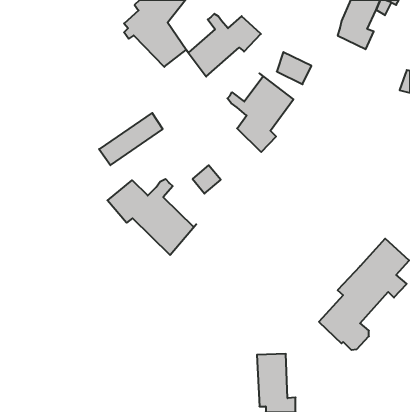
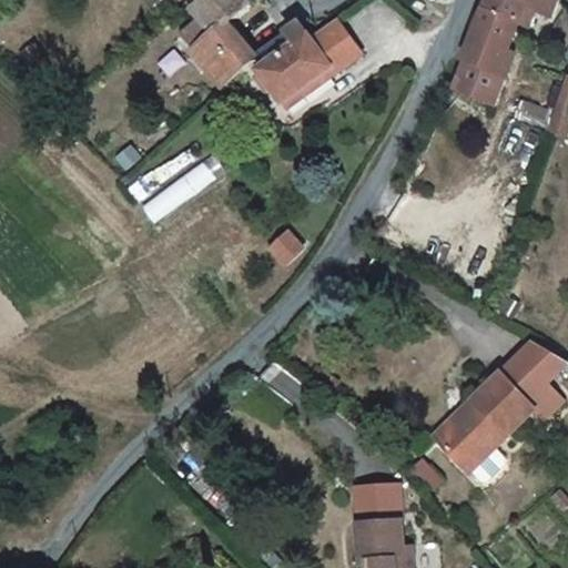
building: [277,52,311,84] -> [456,49,504,93]
building: [227,73,293,152] -> none
building: [107,179,196,255] -> none

